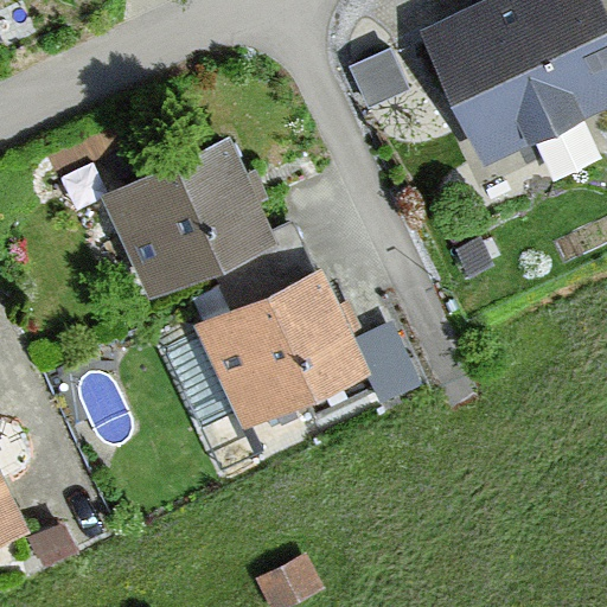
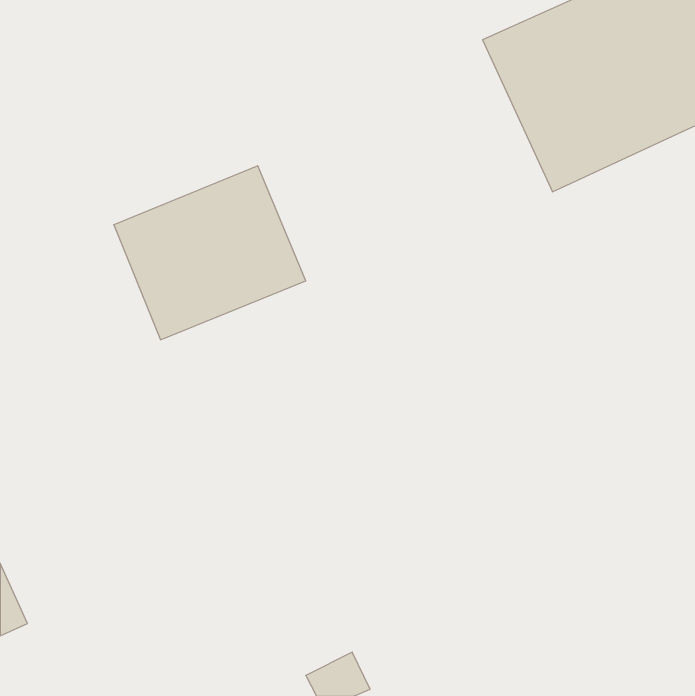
building: [200,274,366,432] -> none

